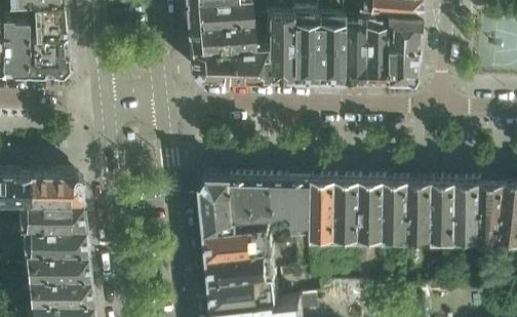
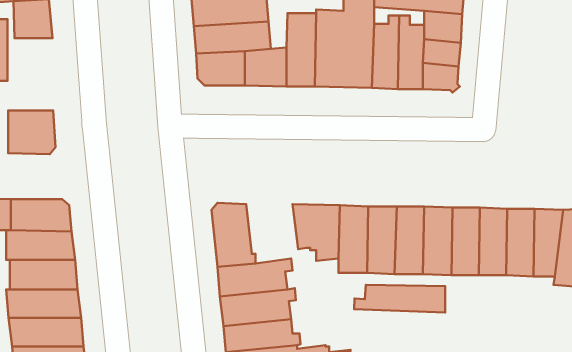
building: [27,39,68,77] -> [8,110,56,154]
building: [233,183,278,226] -> none
building: none -> [354,285,445,312]

